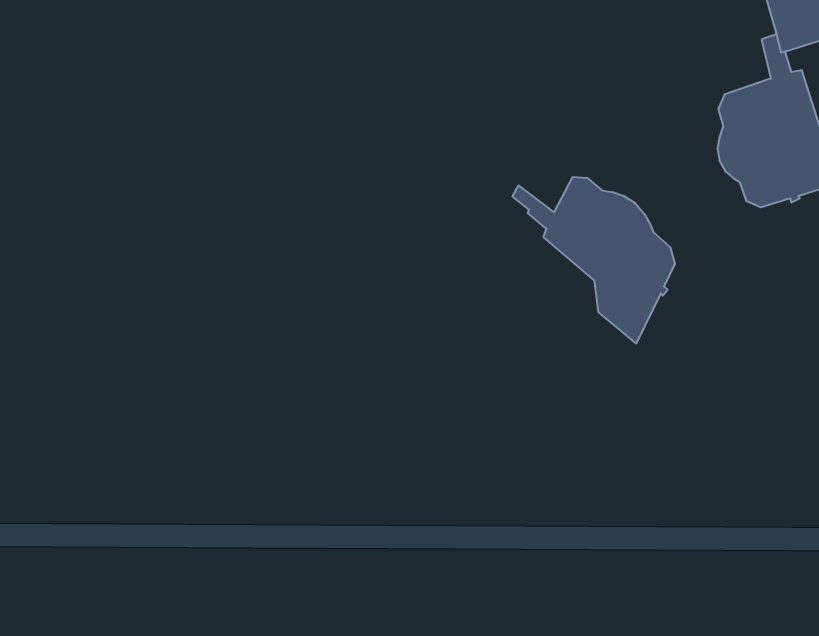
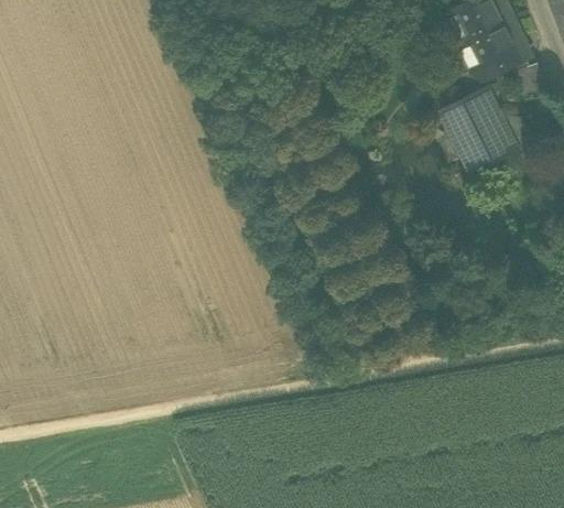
building: [512,177,675,344] -> none

